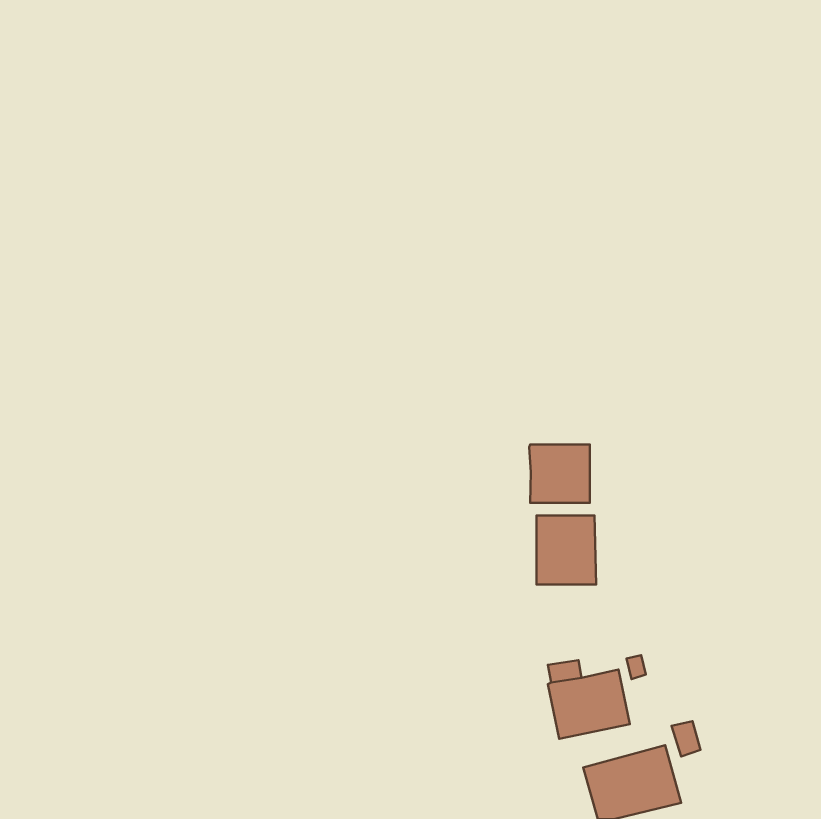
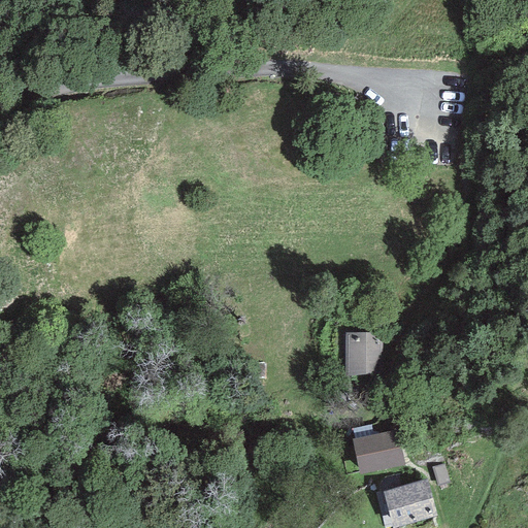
building: [529,444,590,503] -> none

